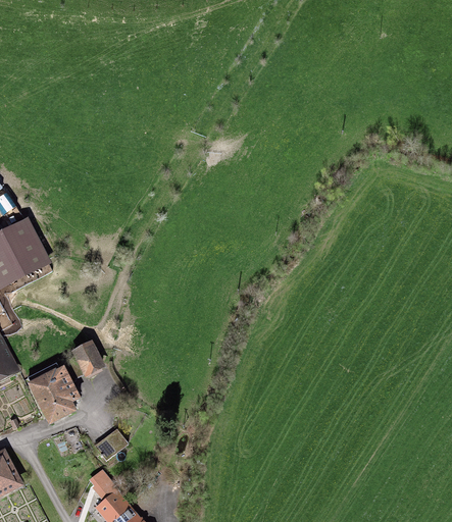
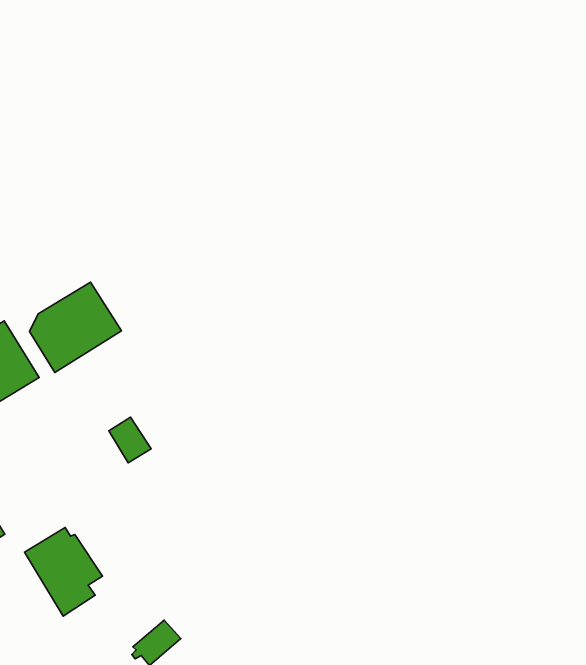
building: none -> [30,282,122,372]
building: [74,344,102,374] -> [109,417,151,463]

